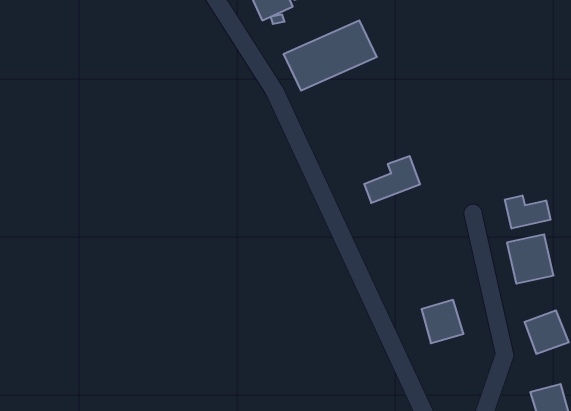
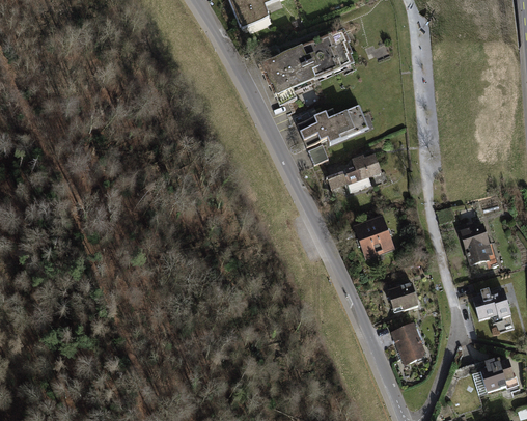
building: none -> [295,105,365,164]
building: [505,195,551,229] -> none
building: none -> [356,218,393,256]
building: none -> [392,321,432,364]

